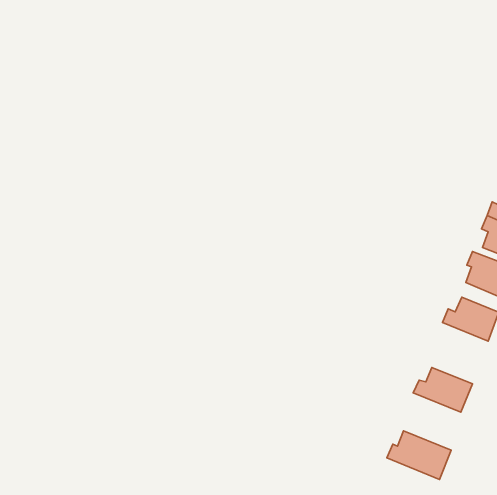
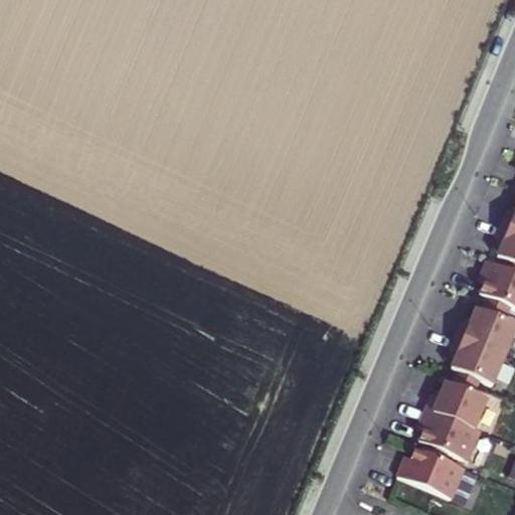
building: none -> [452,333,505,382]
building: none -> [421,405,482,458]

